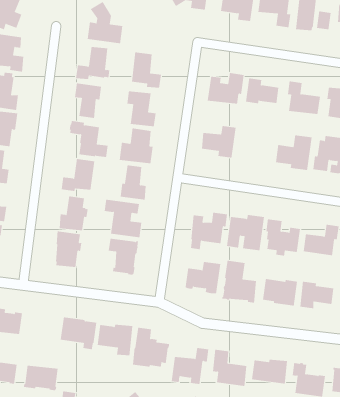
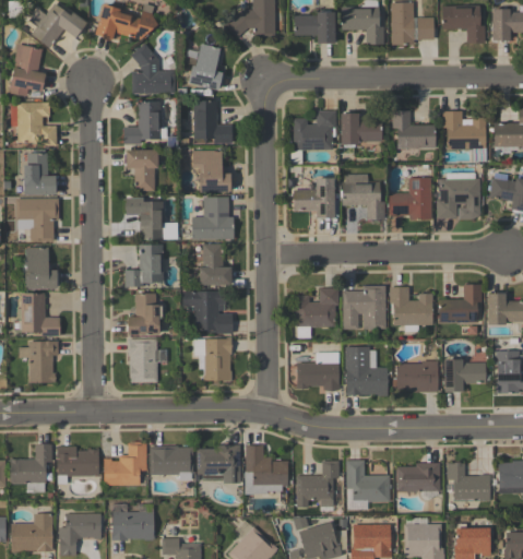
building: none -> [188,43,223,90]
building: none -> [342,174,384,219]
building: none -> [104,441,146,485]

